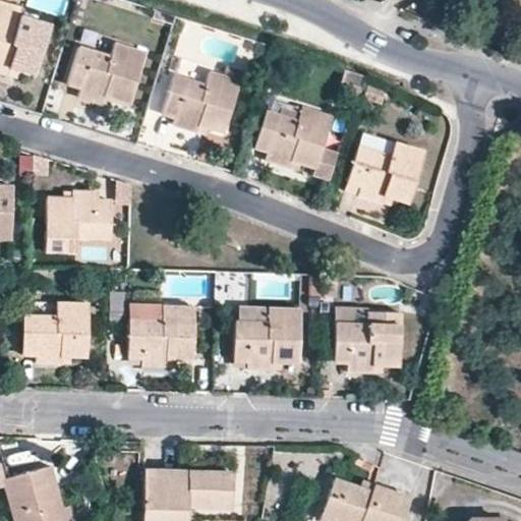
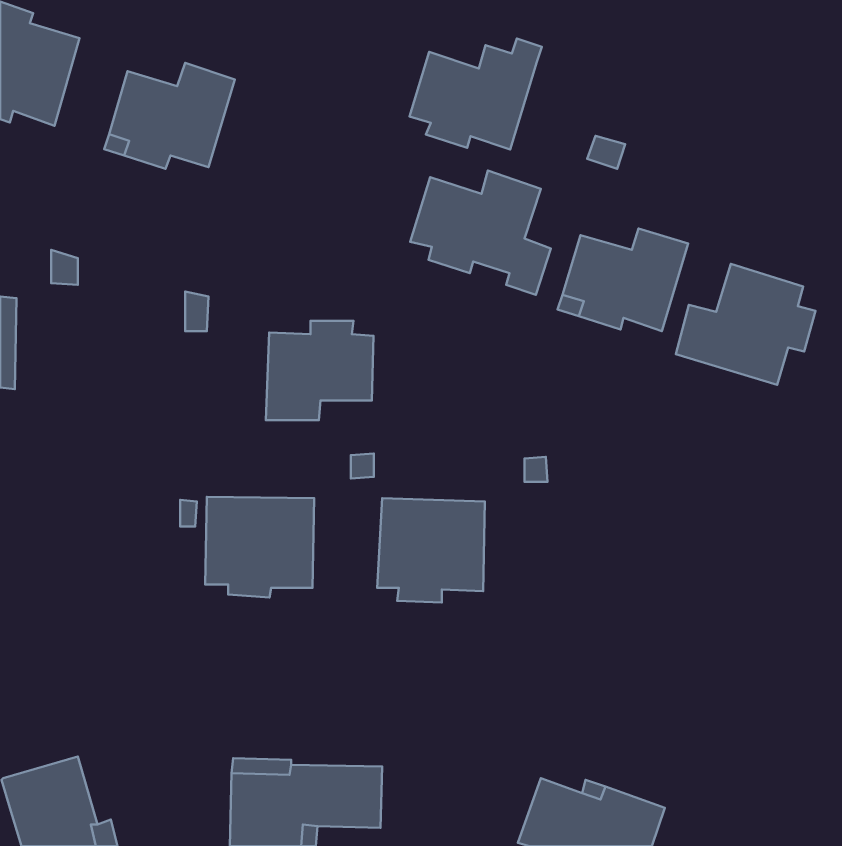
building: [163,65,244,133] -> [409,39,542,149]
building: none -> [676,264,815,385]
building: [46,190,112,251] -> [266,321,373,420]
building: [22,300,89,364] -> none
building: [335,307,402,373] -> none

